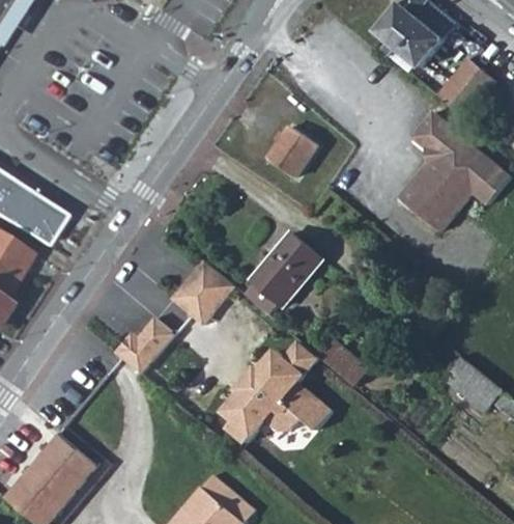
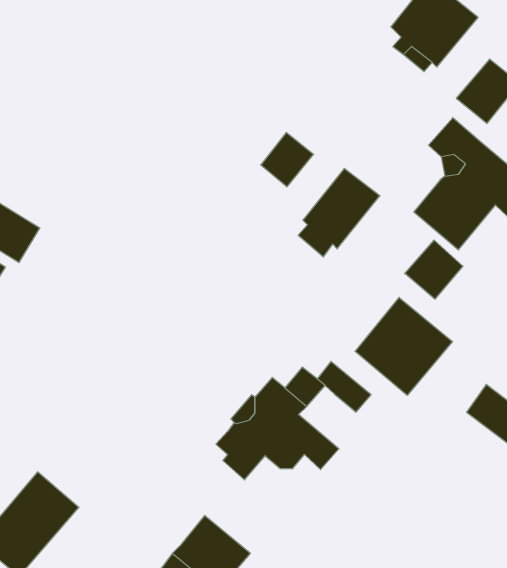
building: none -> [405,240,463,299]
building: [241,228,315,308] -> [298,168,380,257]
building: [163,251,233,323] -> none
building: none -> [355,297,453,395]
building: [113,316,171,371] -> none

